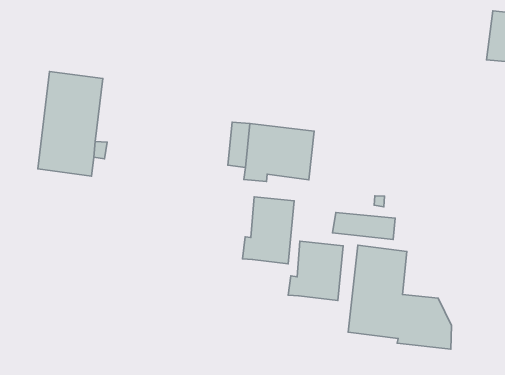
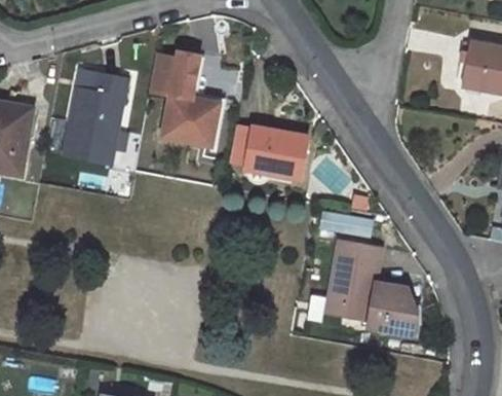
building: none -> [150,52,226,145]
building: [243,197,294,264] -> none
building: [288,241,343,301] -> none

